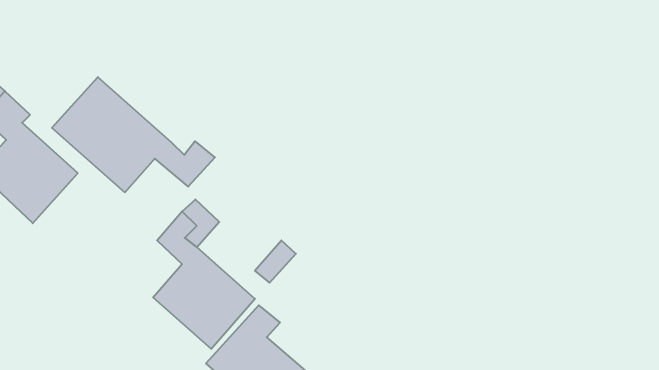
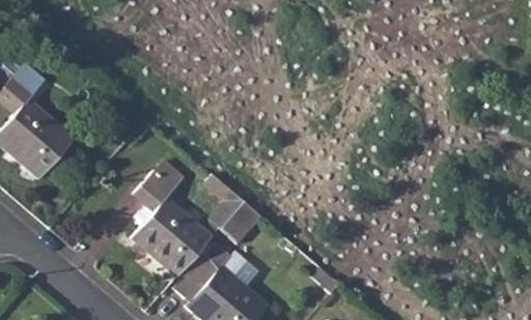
building: [52,77,215,192] -> none
building: none -> [220,202,261,243]

